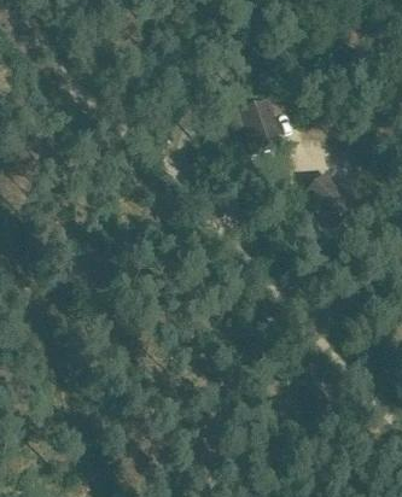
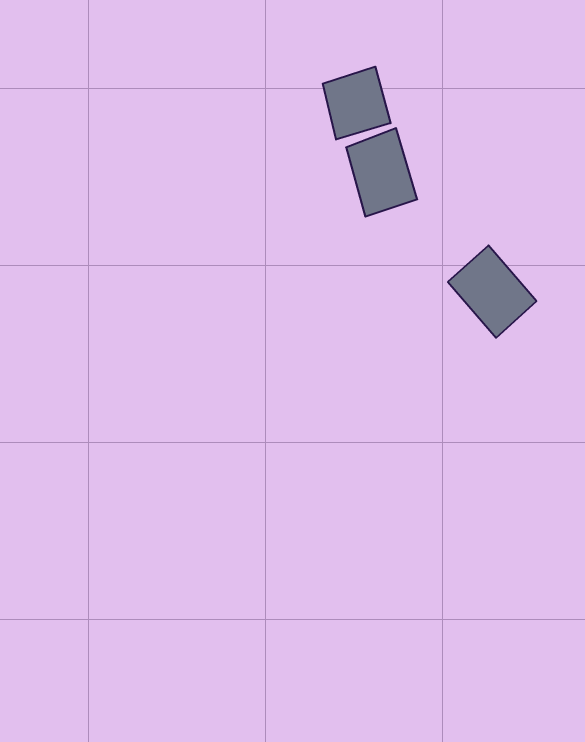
building: none -> [323,67,391,140]

